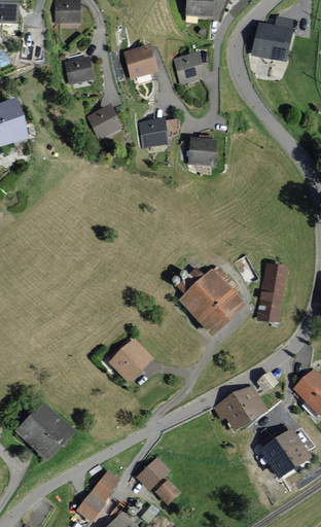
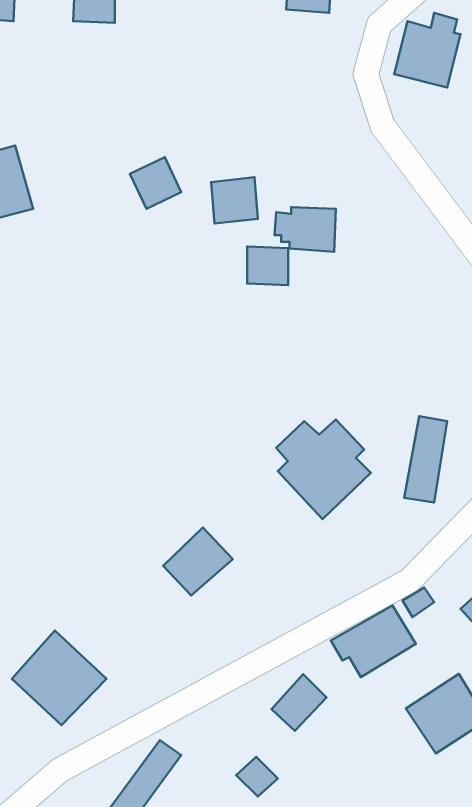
building: [123,46,156,79] -> none
building: [64,52,94,83] -> none
building: [173,54,203,83] -> none
building: none -> [247,247,288,285]
building: [137,454,171,489] -> [271,674,326,731]

